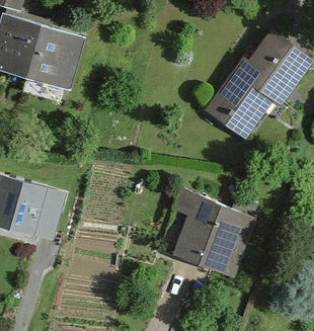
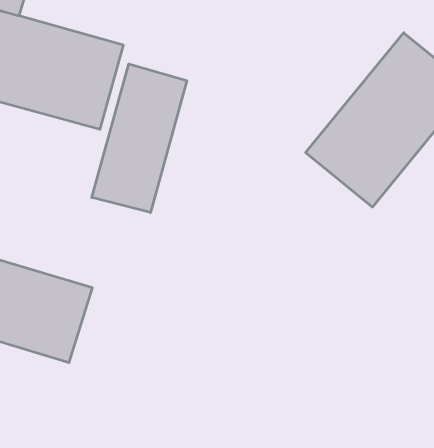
building: none -> [92,64,187,213]
building: [157,187,257,276] -> none

